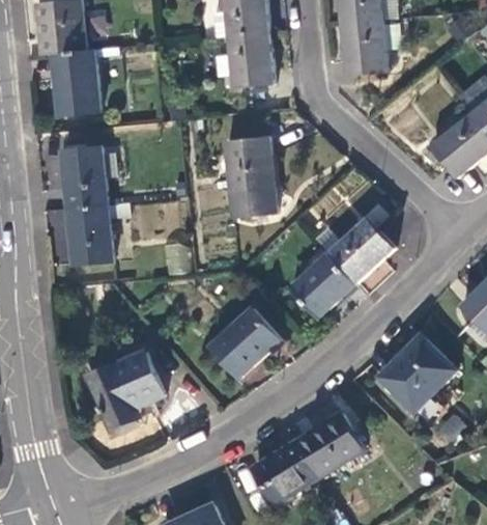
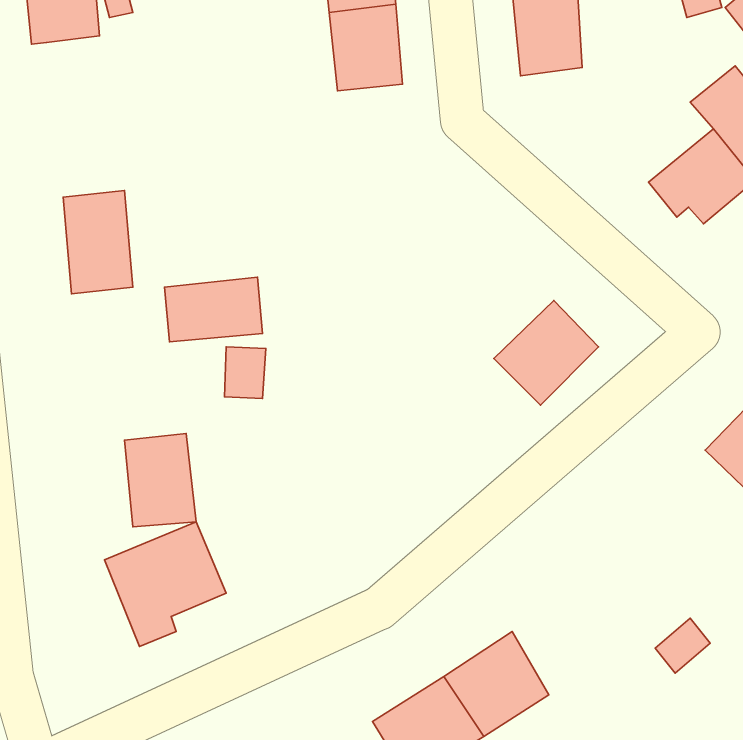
building: [51,49,98,114] -> none
building: [224,134,276,215] -> none
building: [66,205,111,264] -> [125,433,196,527]
building: [293,250,359,316] -> none
building: [212,306,284,377] -> none
building: [379,337,454,413] -> none

